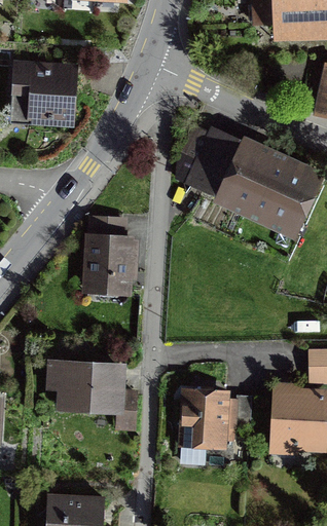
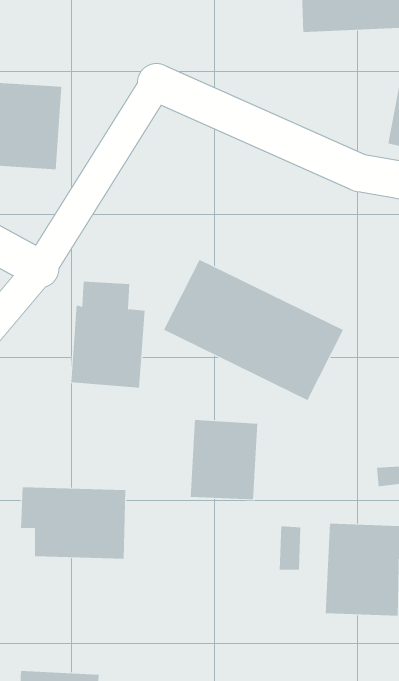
building: [184,124,318,229] -> [163,259,344,401]
building: [178,392,228,452] -> [190,419,258,500]

